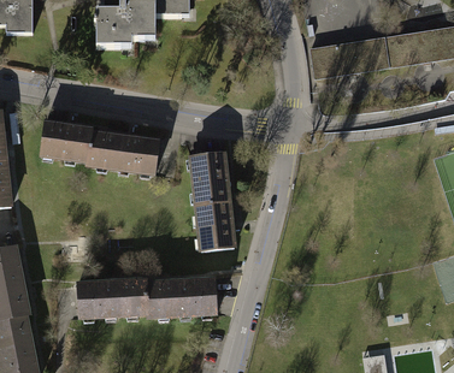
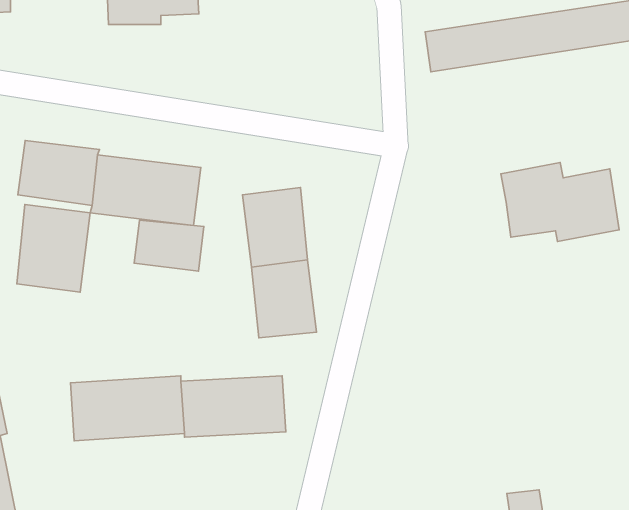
building: none -> [501,163,619,242]
building: none -> [17,204,90,292]
building: none -> [134,220,204,271]

